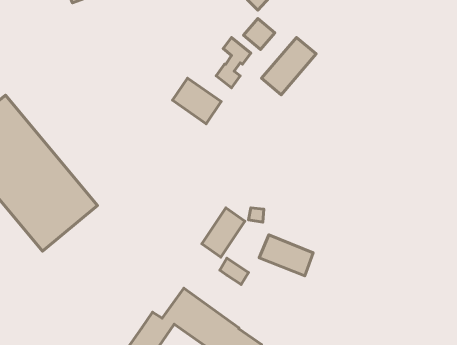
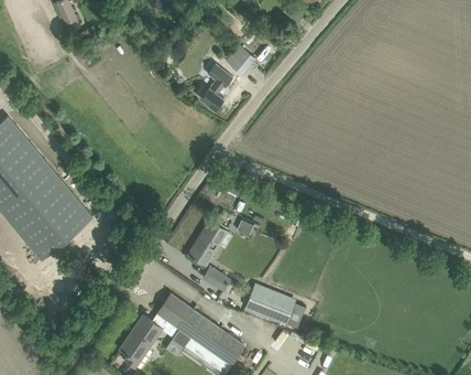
building: [261,37,316,95] -> none
building: [172,78,221,124] -> none
building: [259,235,313,276] -> [245,286,295,323]

